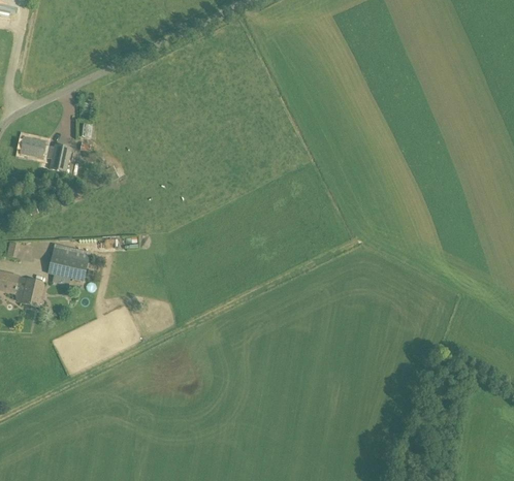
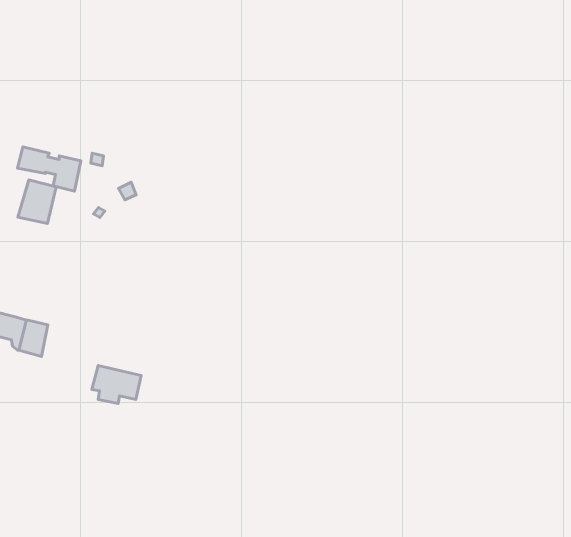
building: none -> [18,180,56,224]
building: [46,253,87,284] -> [92,365,141,403]

